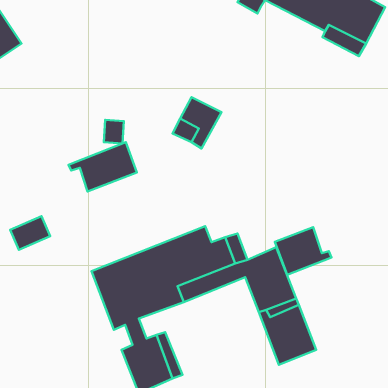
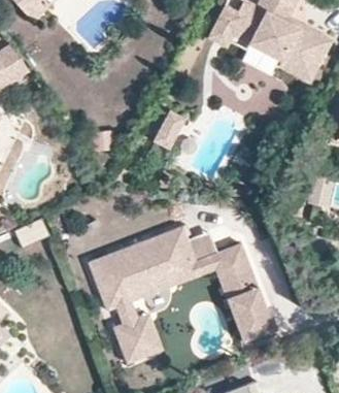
building: [69,142,137,192] -> none
building: [275,227,332,275] -> none

